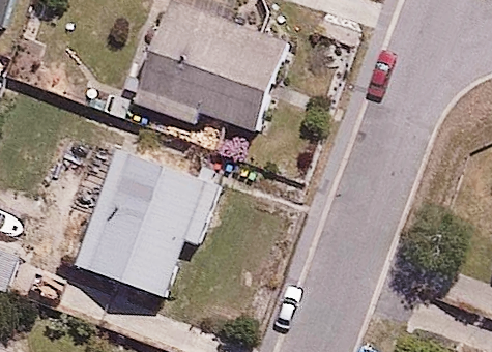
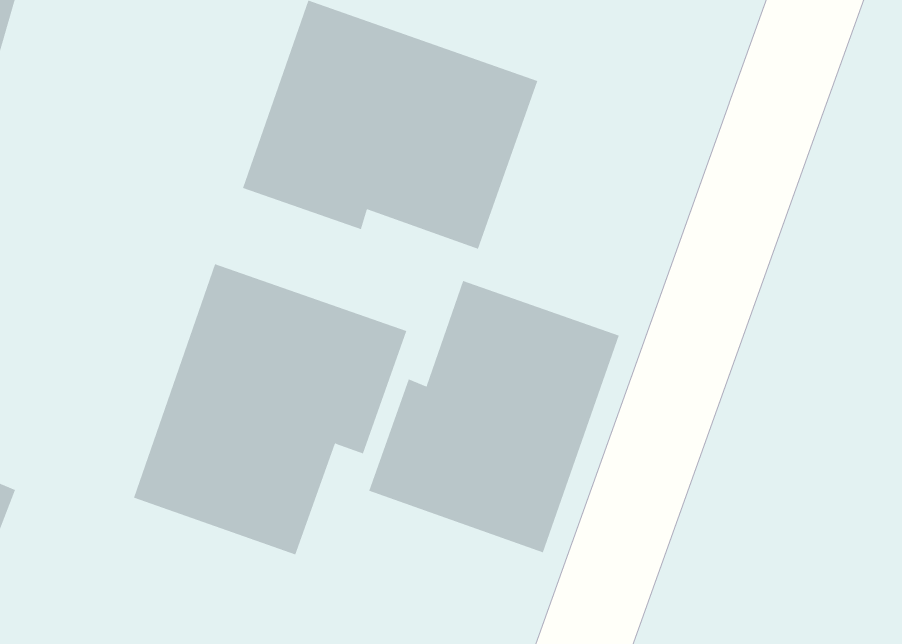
building: none -> [369,280,620,553]

